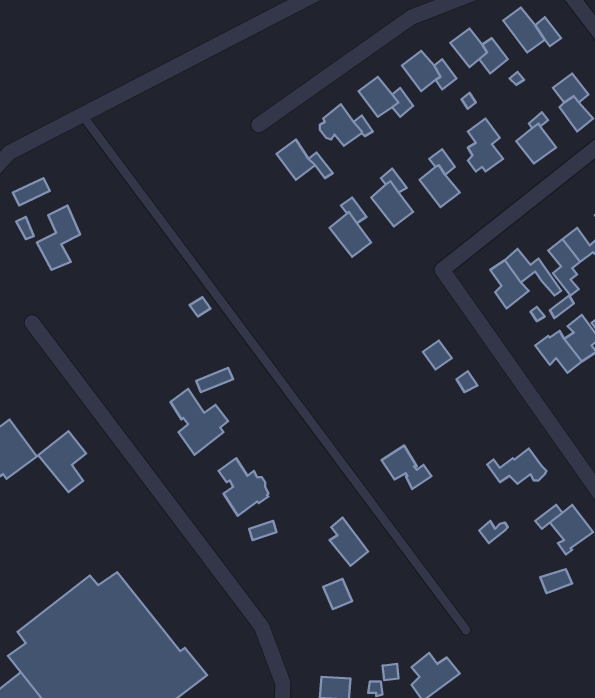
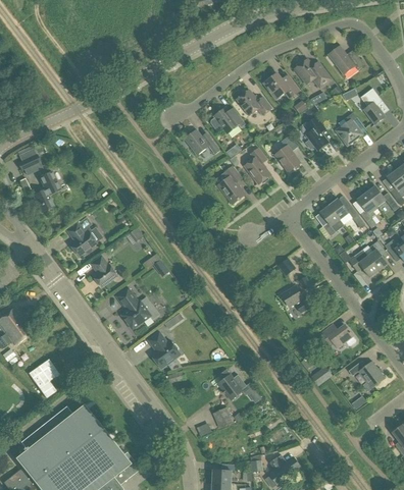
building: none -> [66,218,96,256]
building: none -> [91,257,116,287]
building: [38,431,86,492] -> [27,357,57,395]
building: [382,446,431,489] -> [281,285,312,313]

